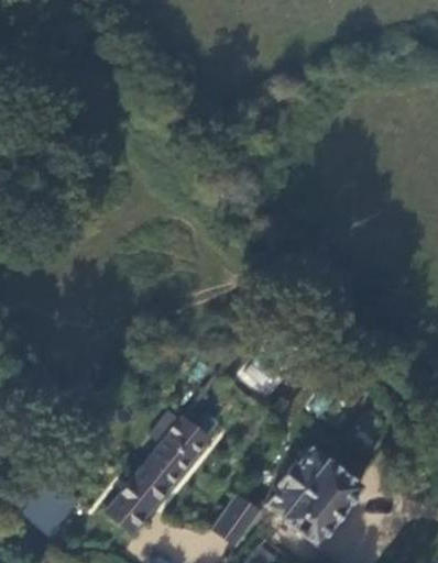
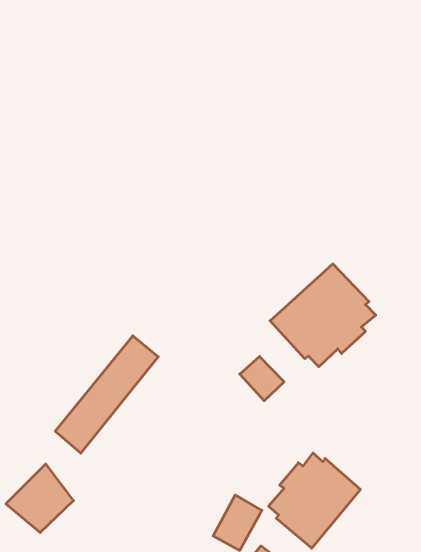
building: none -> [270,264,376,367]
building: [106,416,208,532] -> [55,336,158,453]

